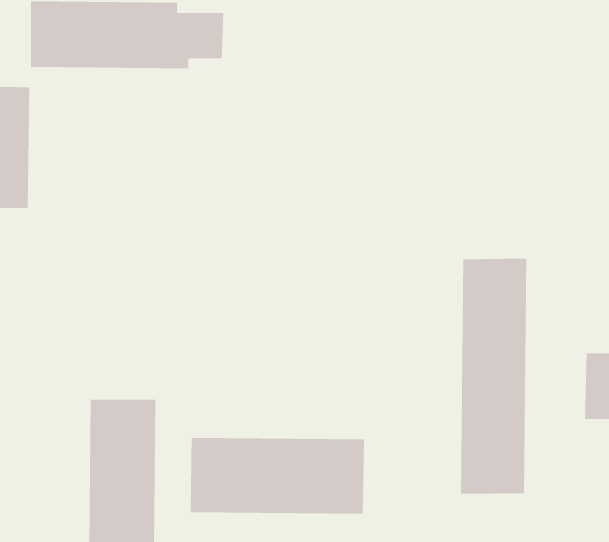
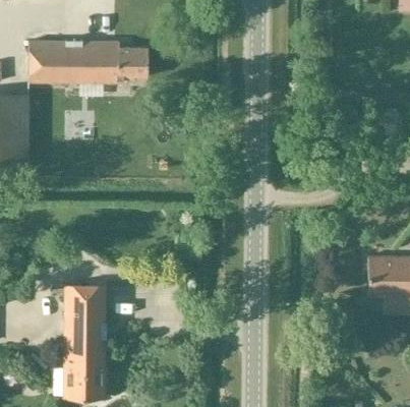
building: [461,258,527,495] -> none
building: [190,437,364,514] -> none

